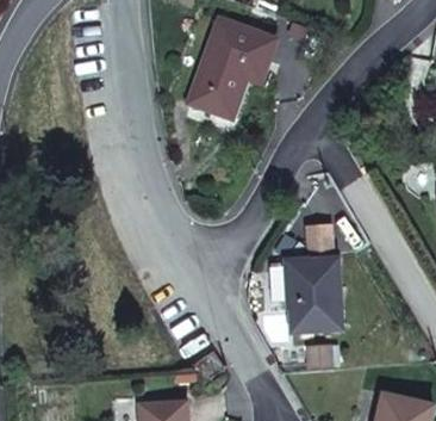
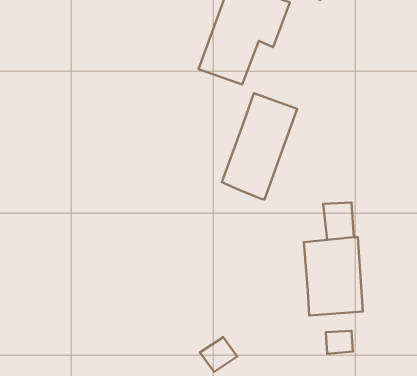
building: none -> [222,93,297,200]

